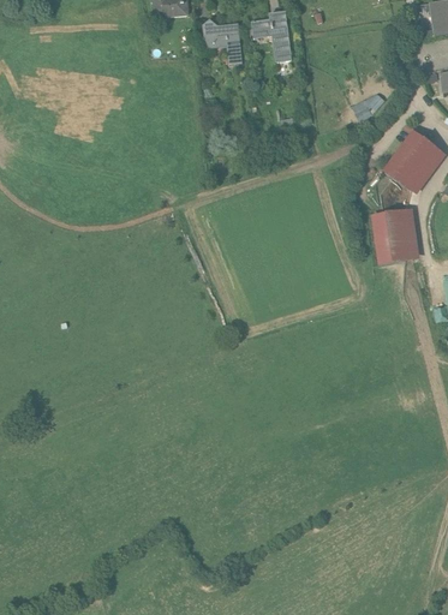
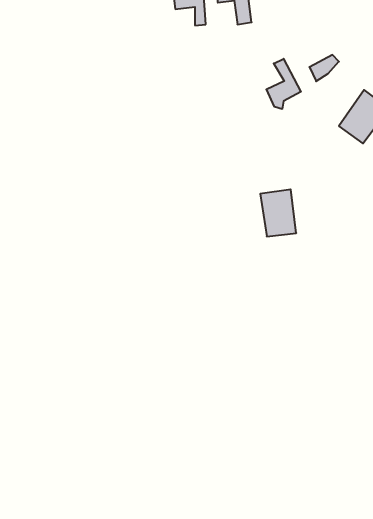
building: none -> [266,59,301,109]
building: [374,211,413,263] -> [260,189,296,236]

